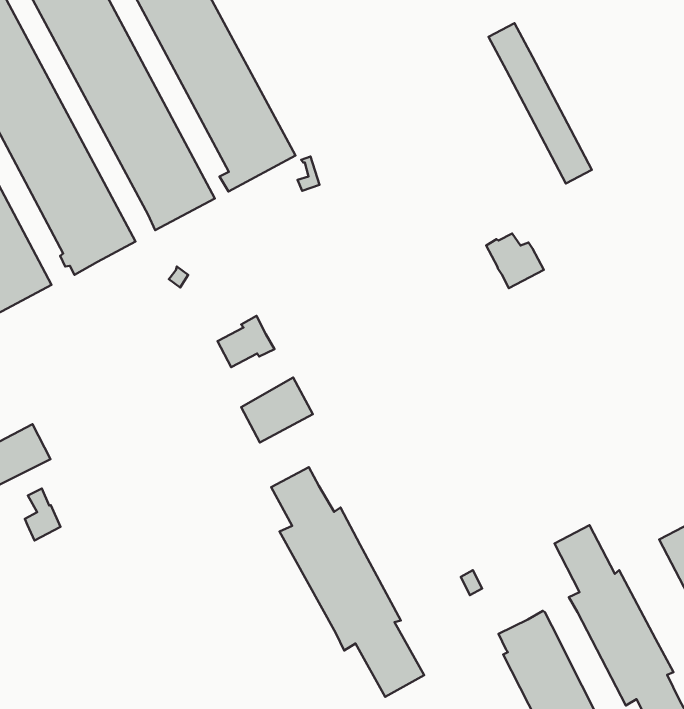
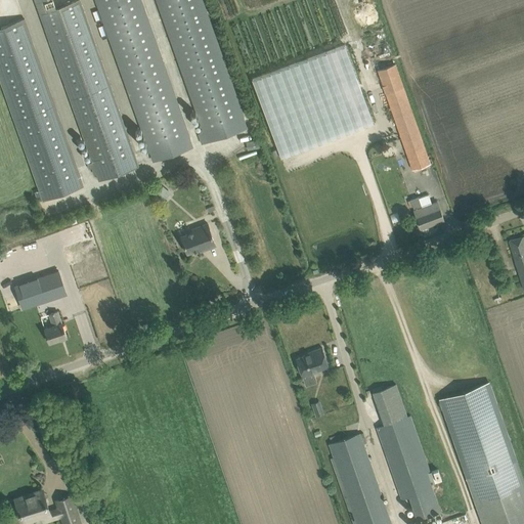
building: none -> [253,49,373,162]
building: [486,234,544,288] -> [409,195,443,229]
building: [241,377,313,443] -> none
building: [271,467,424,697] -> none
building: none -> [295,348,328,379]

